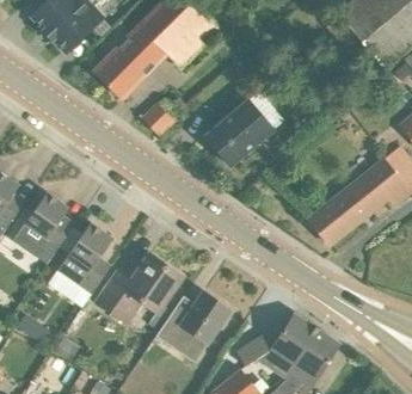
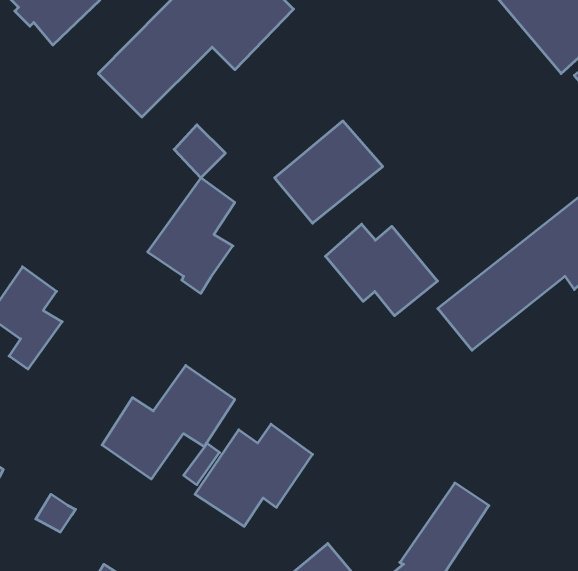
building: none -> [325,224,438,316]
building: [56,222,111,295] -> [148,178,235,293]
building: [235,313,318,378] -> none

